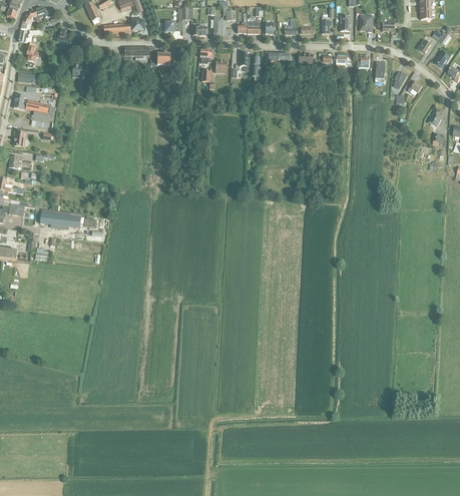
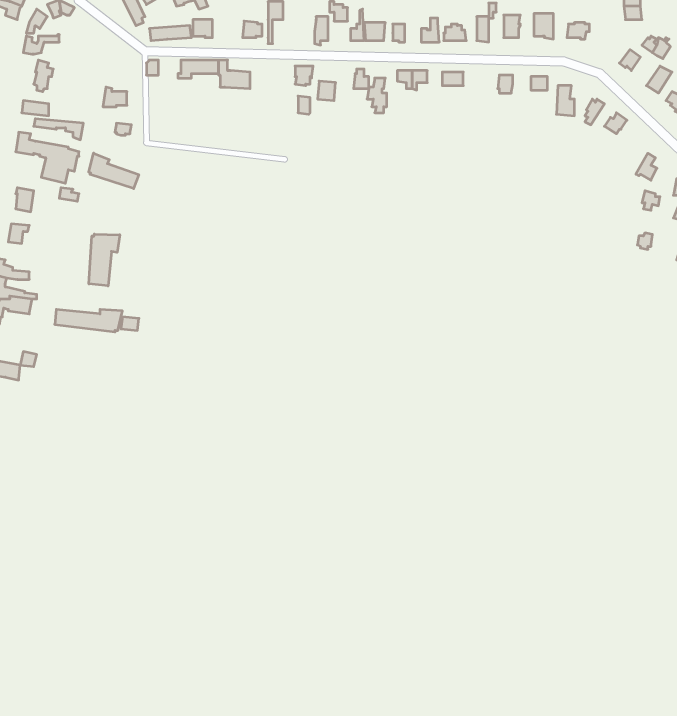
building: none -> [89,153,139,189]
building: none -> [89,234,120,286]

